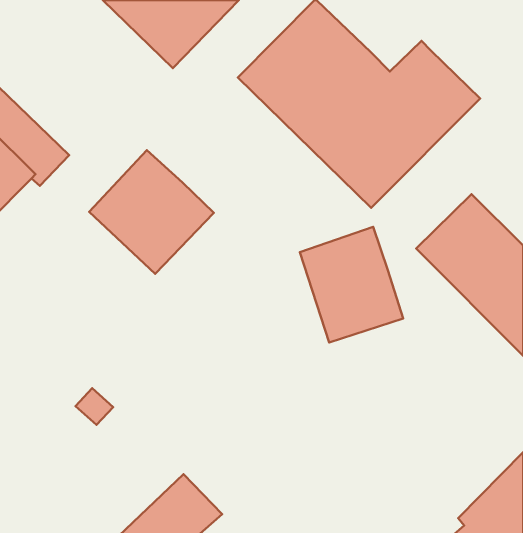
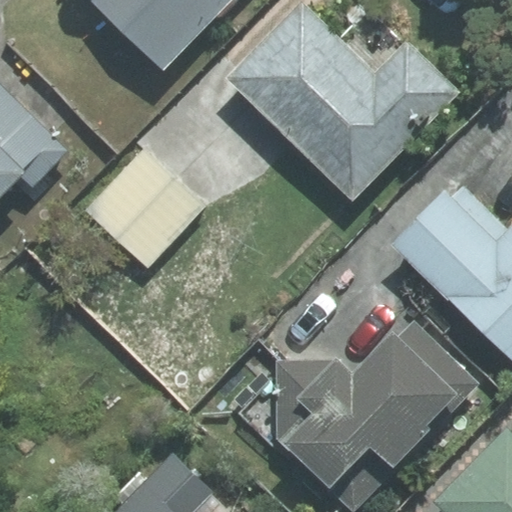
building: [300,227,403,342] -> none
building: none -> [278,320,471,483]

